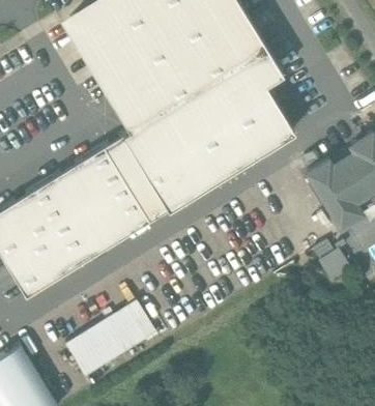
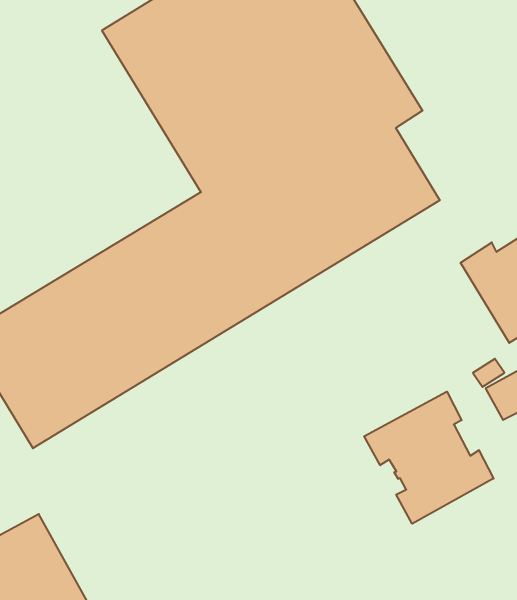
building: none -> [364,392,494,524]
building: [64,303,155,378] -> none

